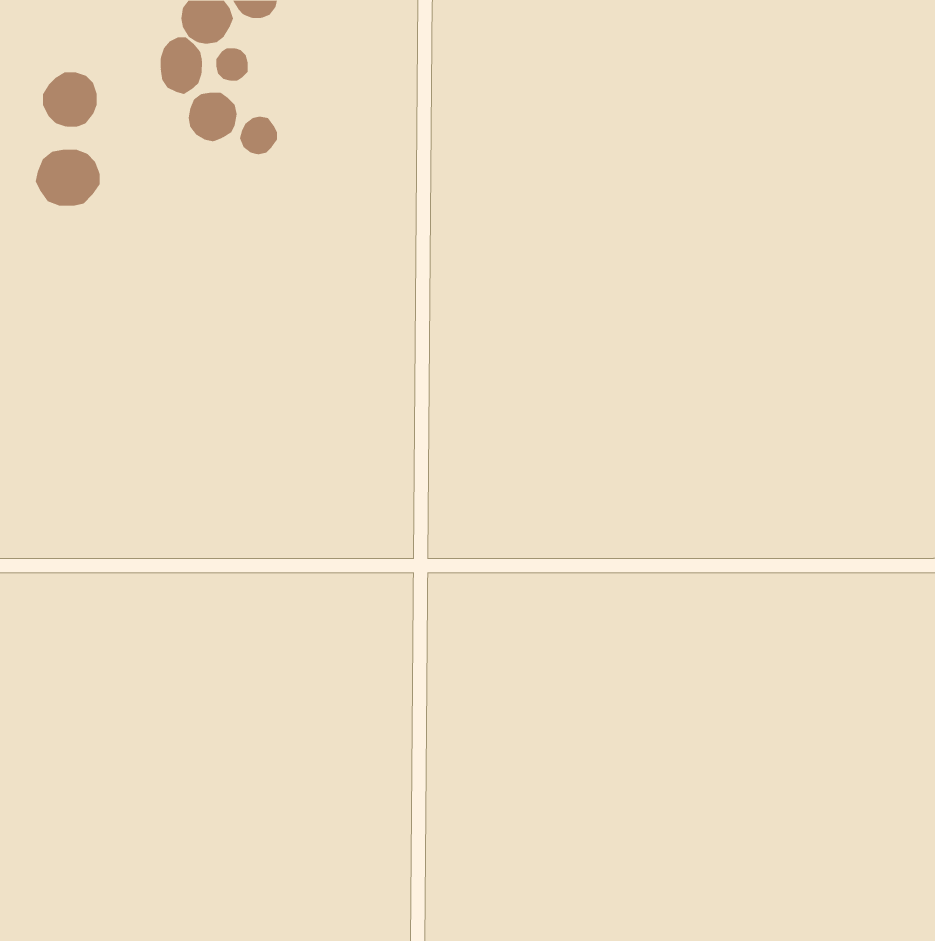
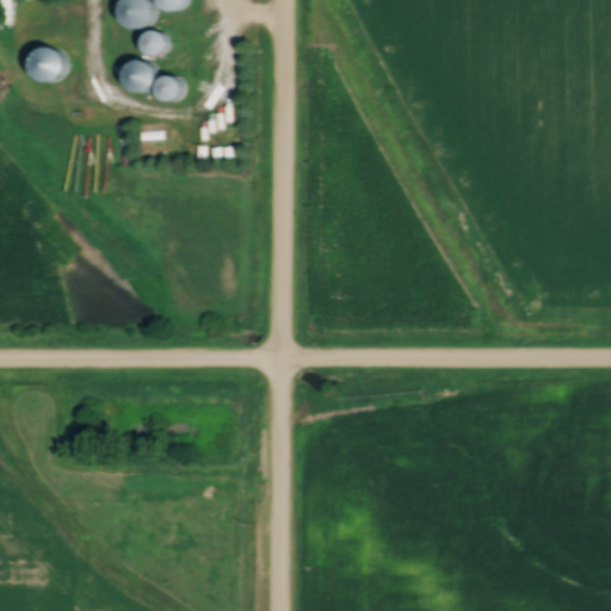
building: [160,37,202,95] -> none
building: [35,149,100,207] -> none

